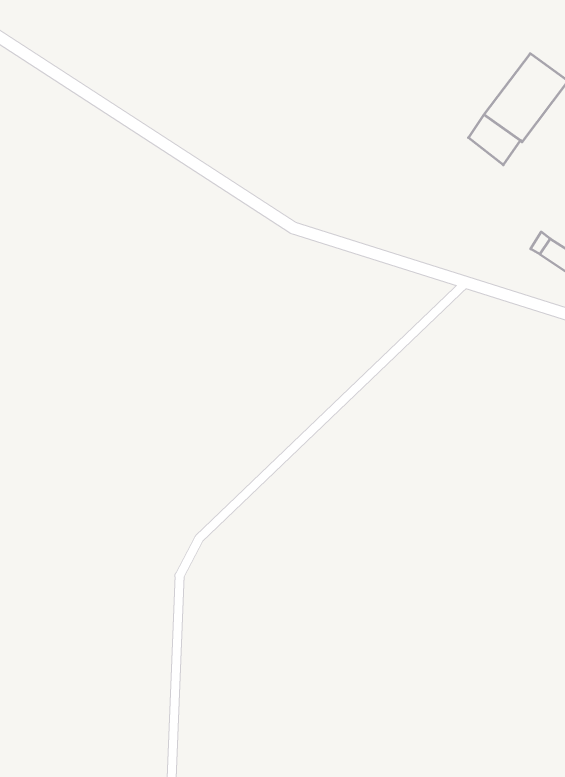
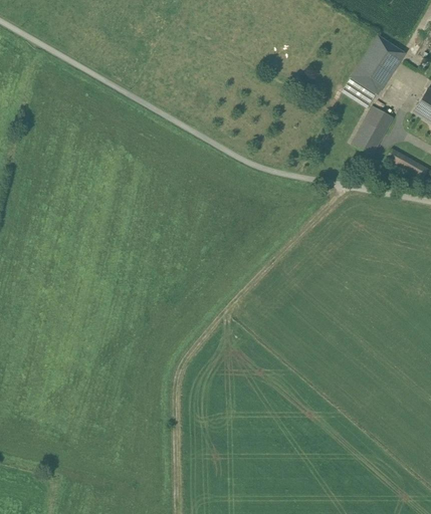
building: none -> [352,104,393,155]

